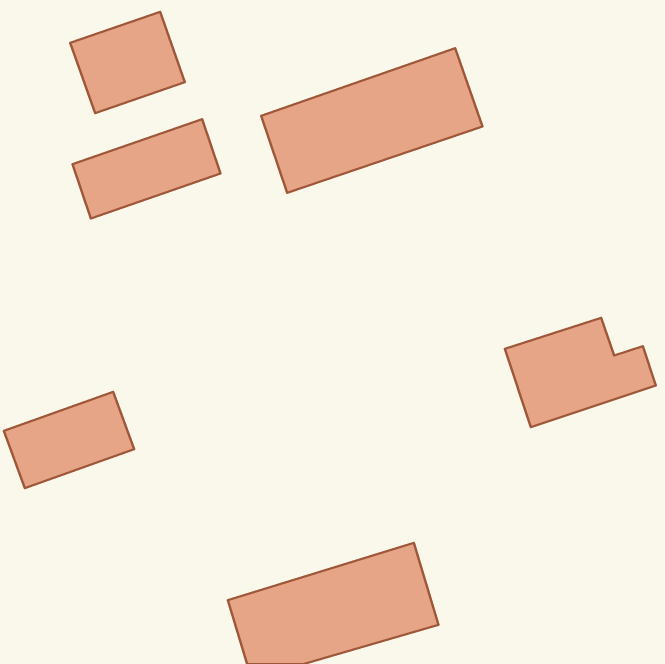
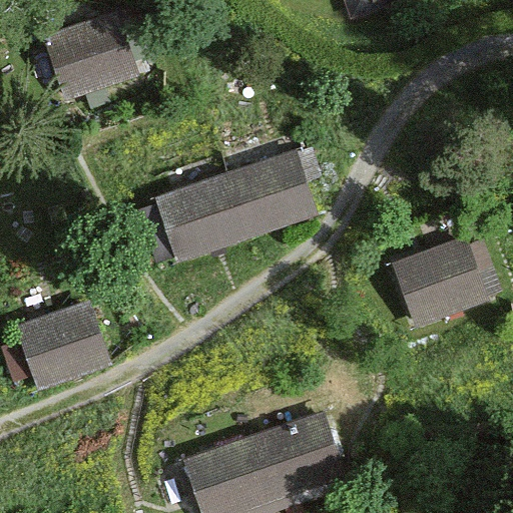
building: [261,48,483,193] -> [160,147,331,259]
building: [72,119,221,219] -> none

